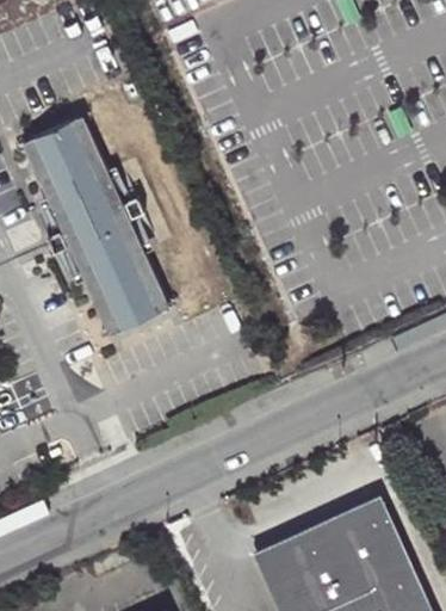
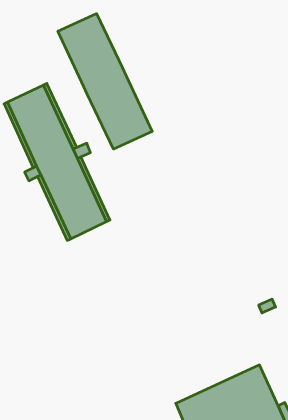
building: none -> [58,14,152,149]

